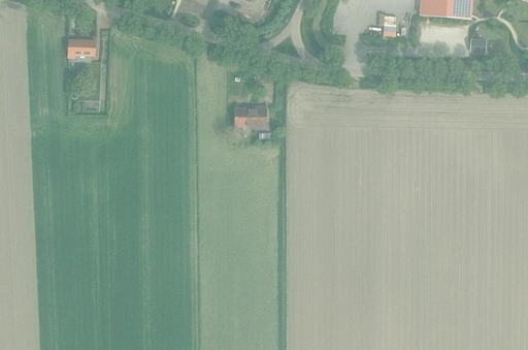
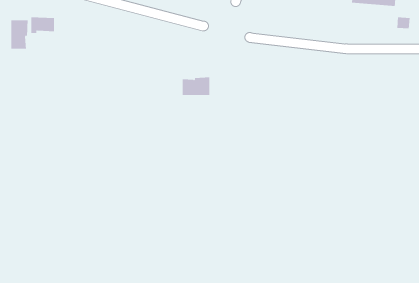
building: none -> [11,20,28,50]

